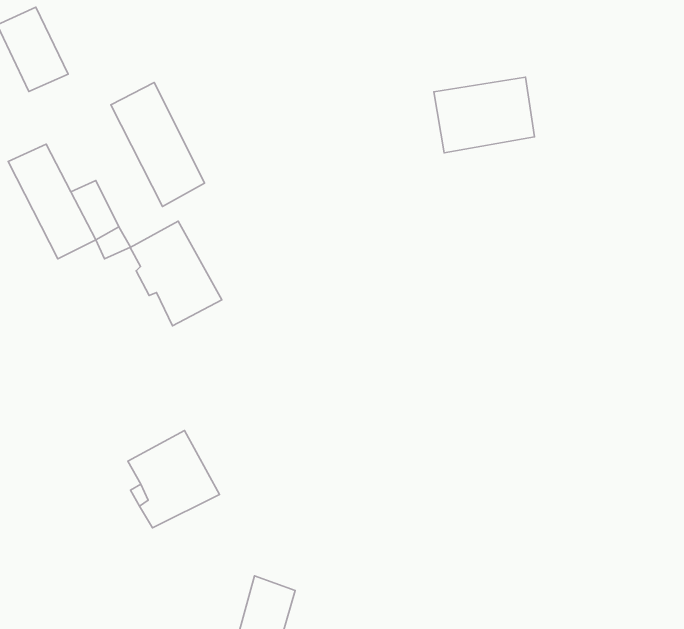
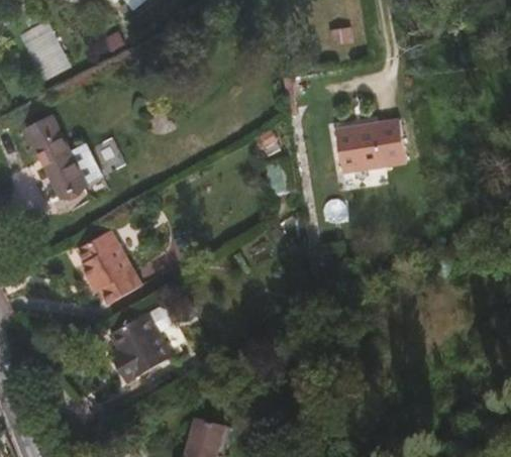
building: [434,77,534,153] -> [336,119,406,172]
building: [111,82,205,206] -> none
building: [130,221,222,326] -> [78,232,141,305]

